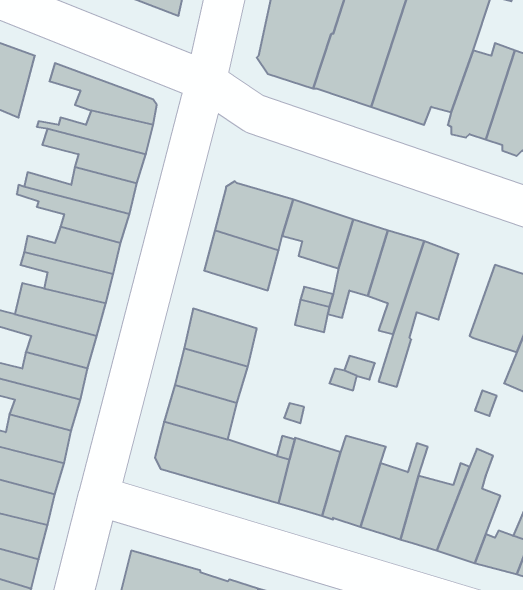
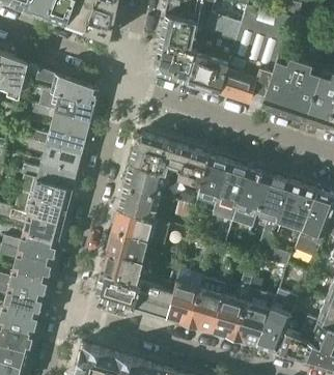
building: none -> [257,175,289,247]
building: none -> [117,184,160,218]

